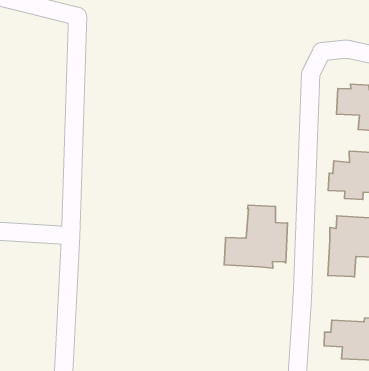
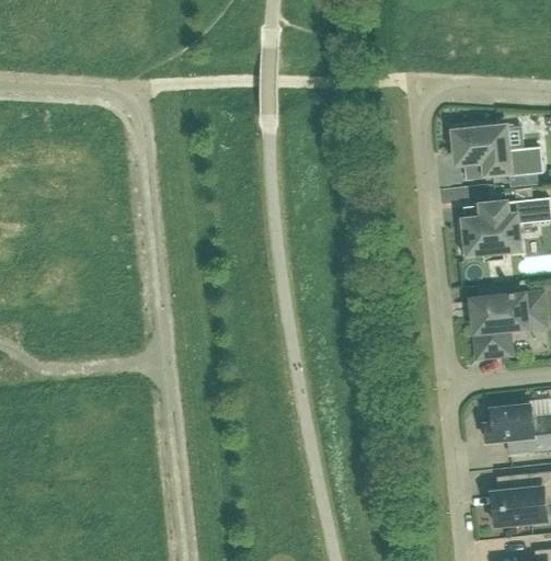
building: [224,205,288,268] -> none

